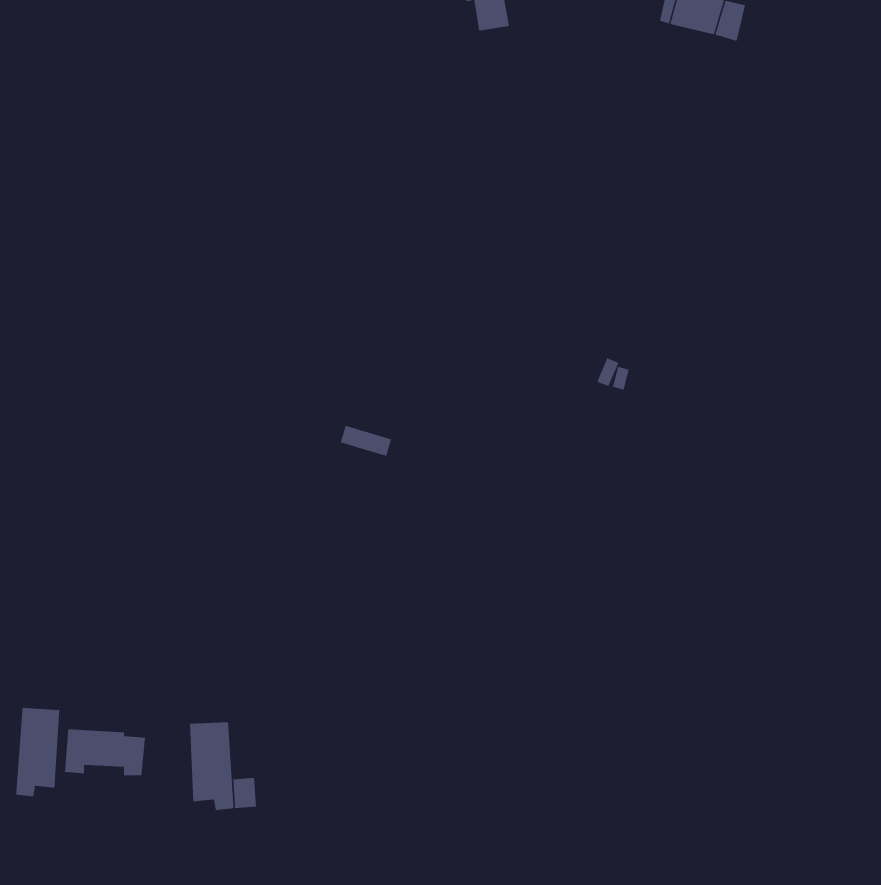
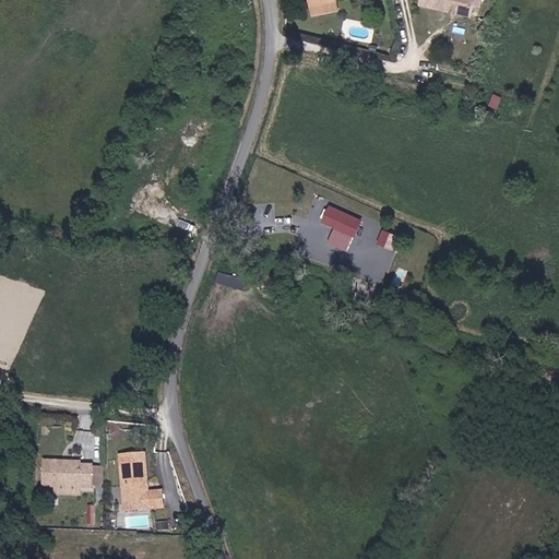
building: none -> [320,201,361,249]
building: [16,707,60,797] -> none

